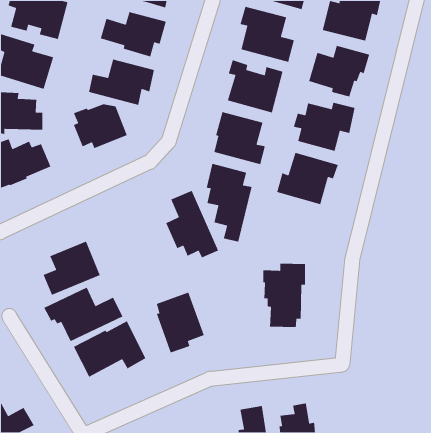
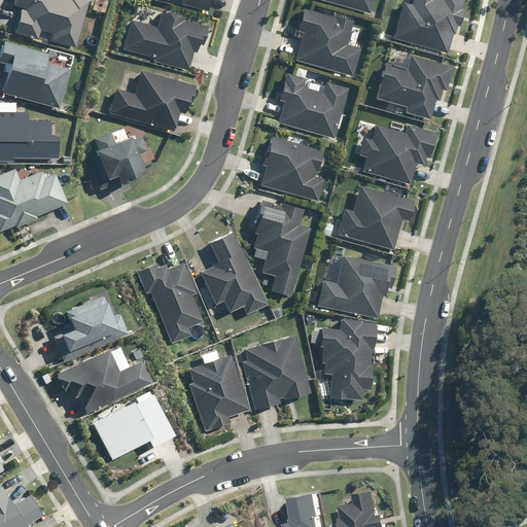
building: none -> [320,254,395,317]
building: none -> [137,261,204,343]
building: none -> [243,335,313,408]

